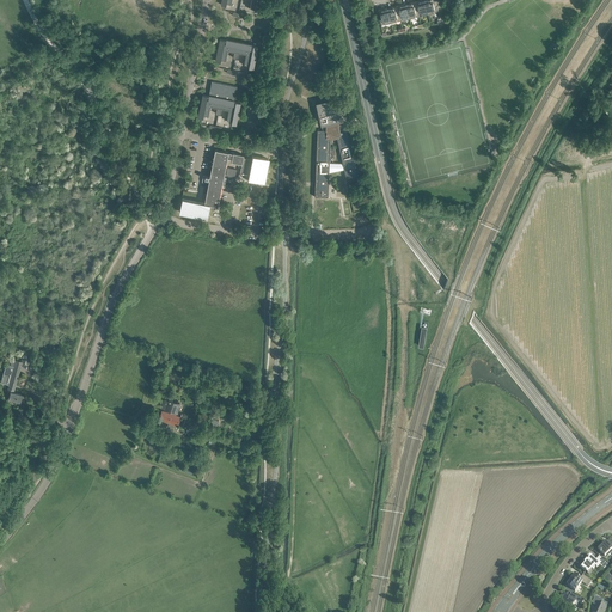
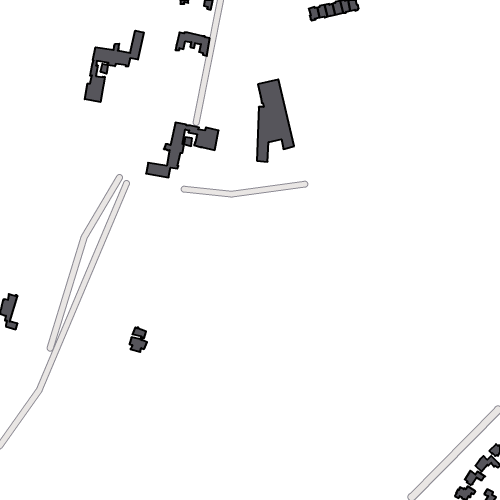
building: none -> [85,31,144,102]
building: [196,82,239,126] -> none

